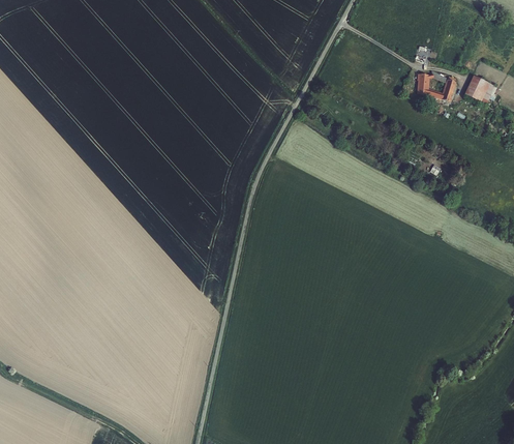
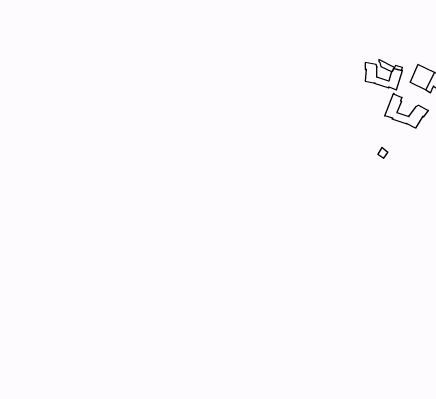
building: none -> [385,93,428,128]

